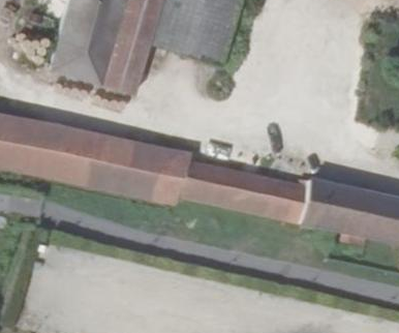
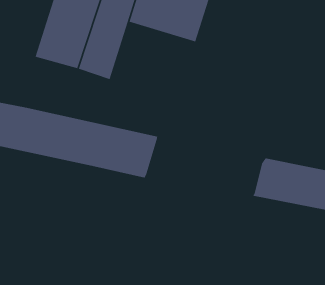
building: [175,160,303,222] -> none

